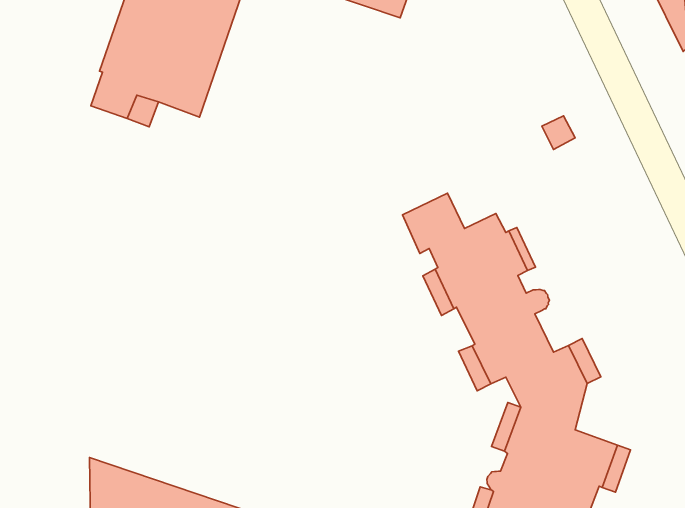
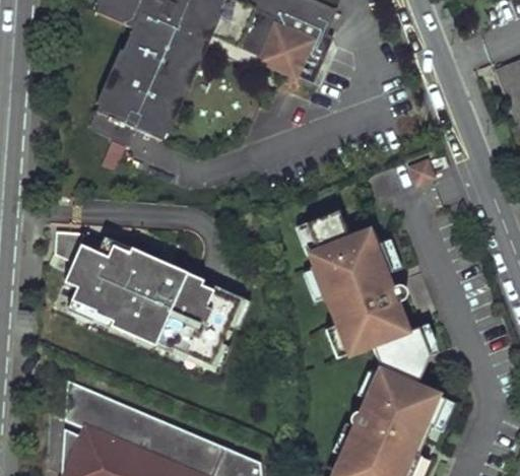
building: none -> [54,232,240,366]

